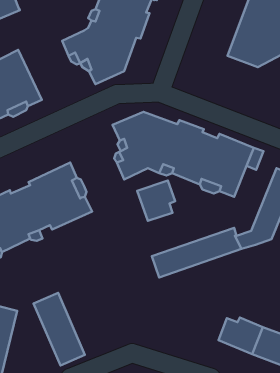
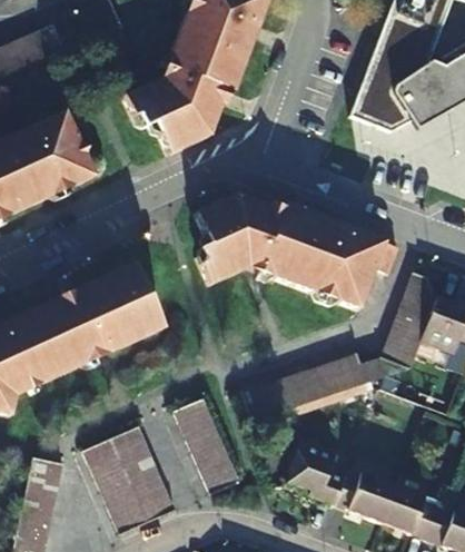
building: [137,181,175,221] -> none
building: none -> [176,403,243,500]
building: none -> [120,428,182,524]
building: none -> [291,443,353,504]

